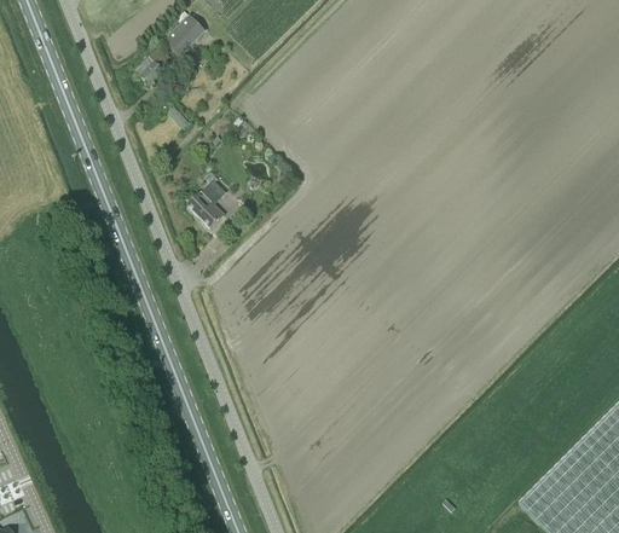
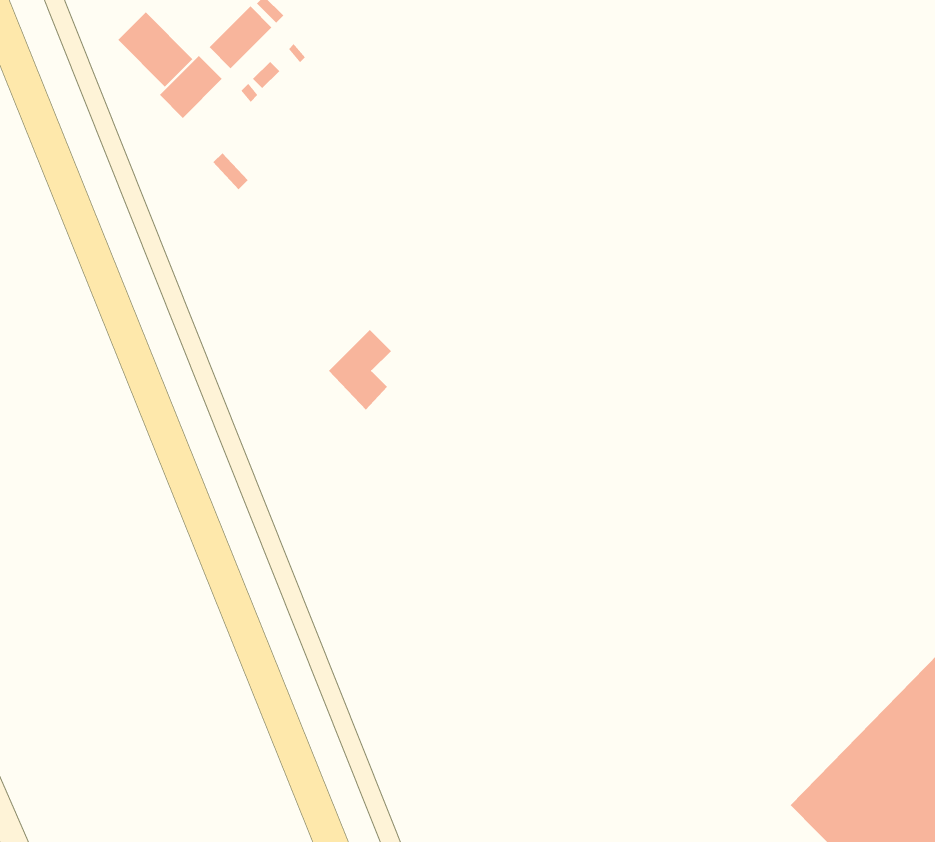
building: none -> [117,12,193,87]
building: [189,178,227,227] -> [328,329,392,411]

